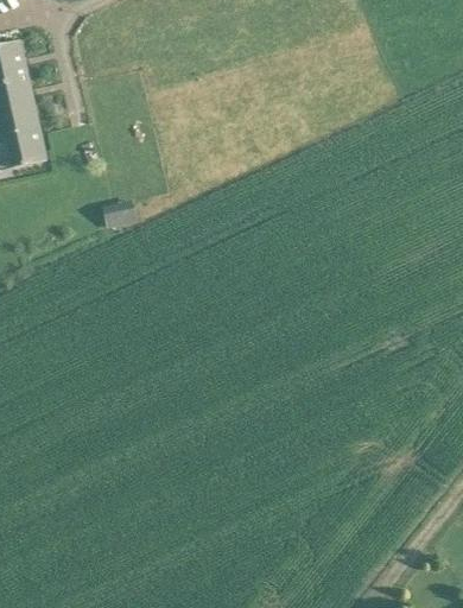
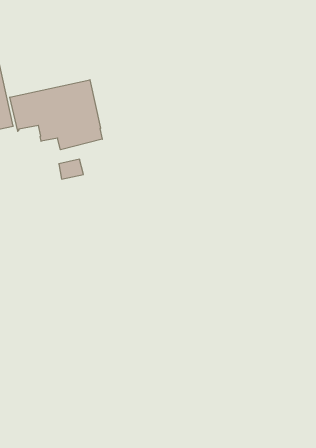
building: none -> [10,80,102,150]

